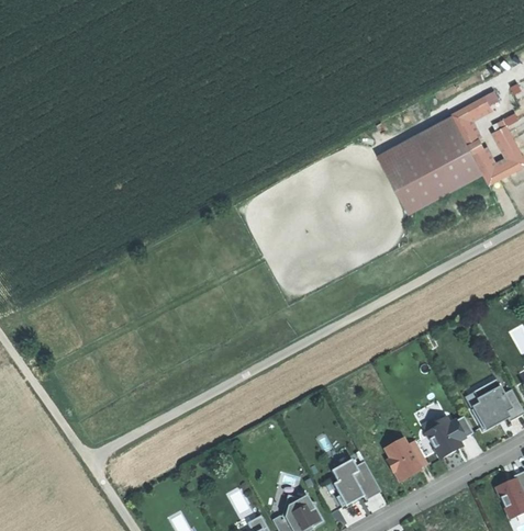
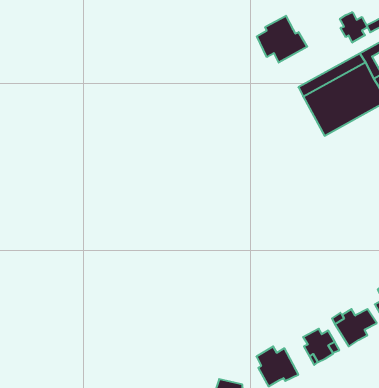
building: none -> [340,12,367,43]
building: none -> [257,16,307,63]

